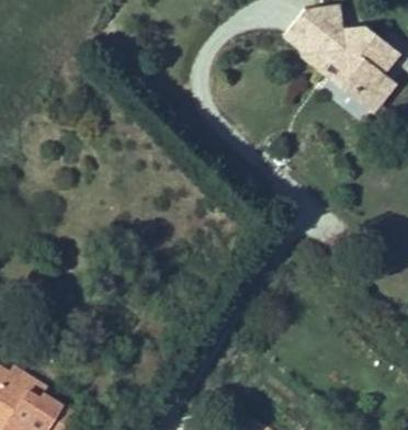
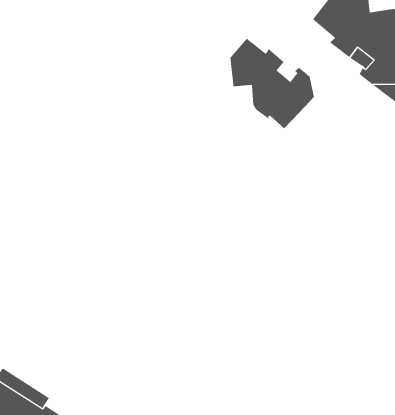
building: none -> [230,38,314,129]

